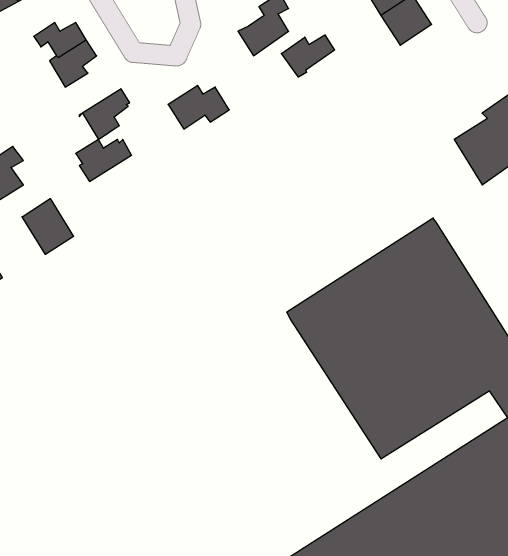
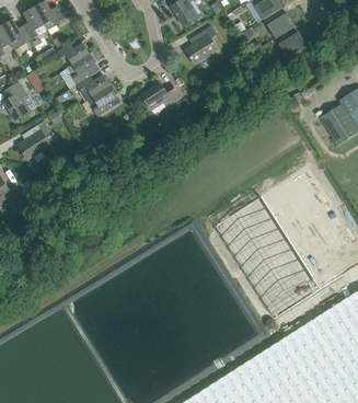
building: [281,35,335,77] -> none
building: [76,139,132,181] -> [77,76,112,102]
building: [22,199,74,254] -> none

